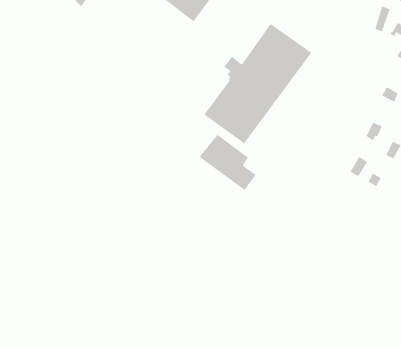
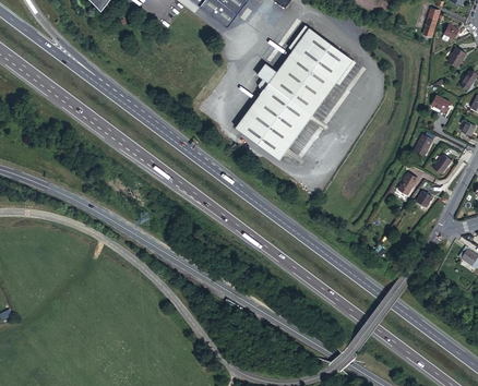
building: [199,134,256,191] -> none

